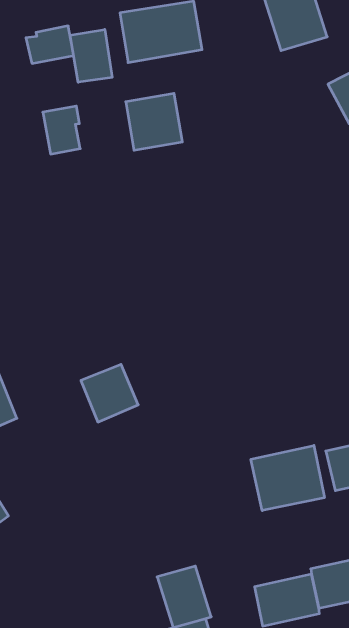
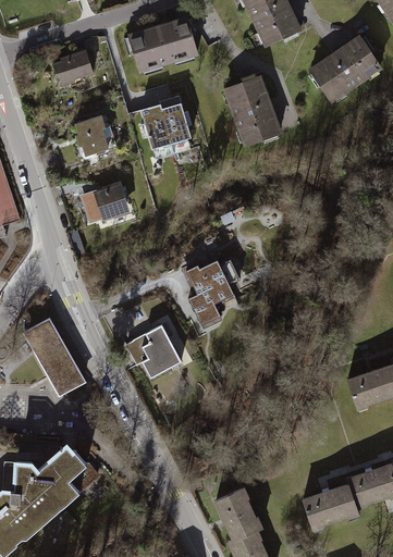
building: [70,29,112,82] -> none
building: none -> [223,78,279,148]
building: none -> [93,186,127,223]
building: none -> [186,258,240,322]
building: [251,445,324,511] -> none

